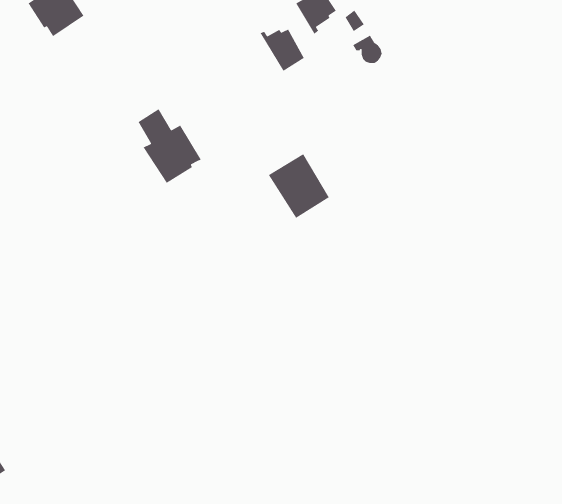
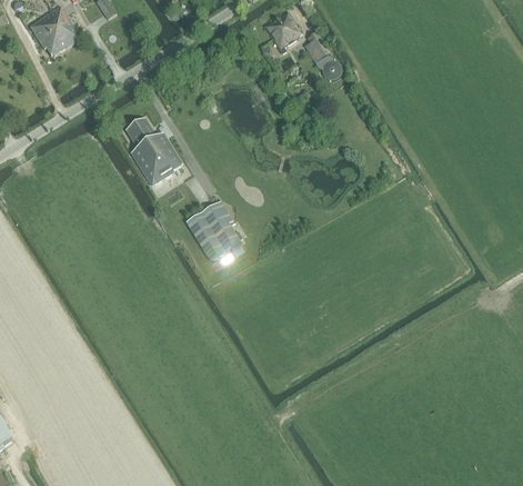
building: [260,28,305,72] -> none
building: [268,153,330,219] -> [185,201,240,259]

